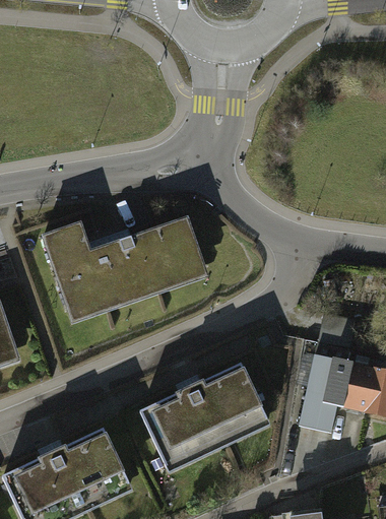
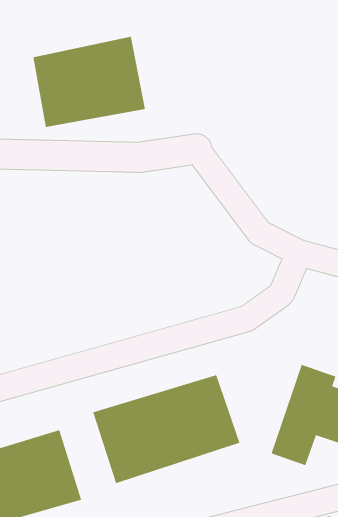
building: none -> [33,36,146,128]
building: [38,217,207,324] -> none

